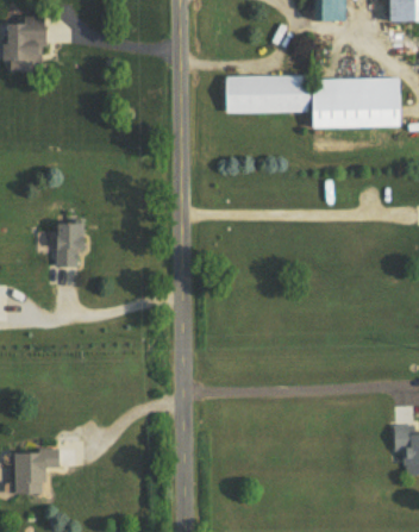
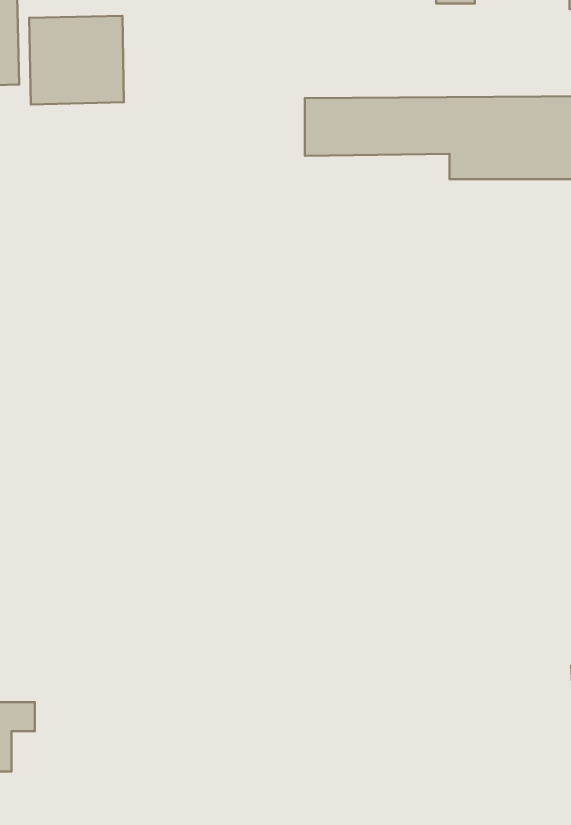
building: none -> [29,16,124,104]
building: [54,220,88,265] -> none

